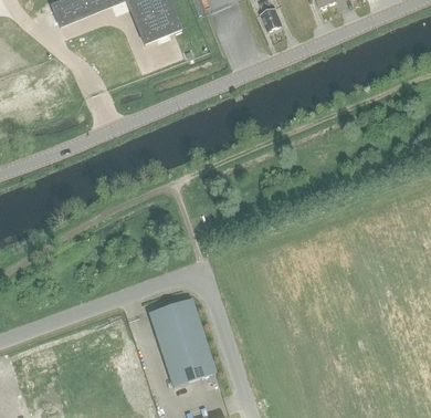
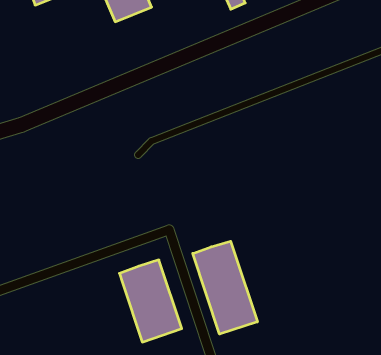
building: none -> [193,241,257,334]

